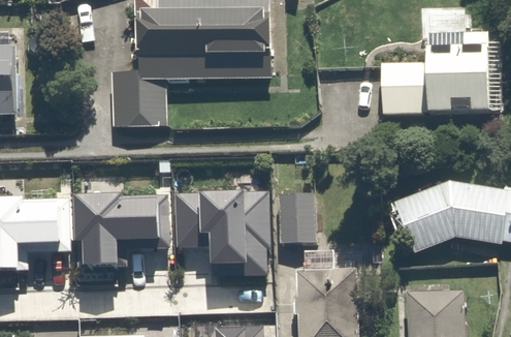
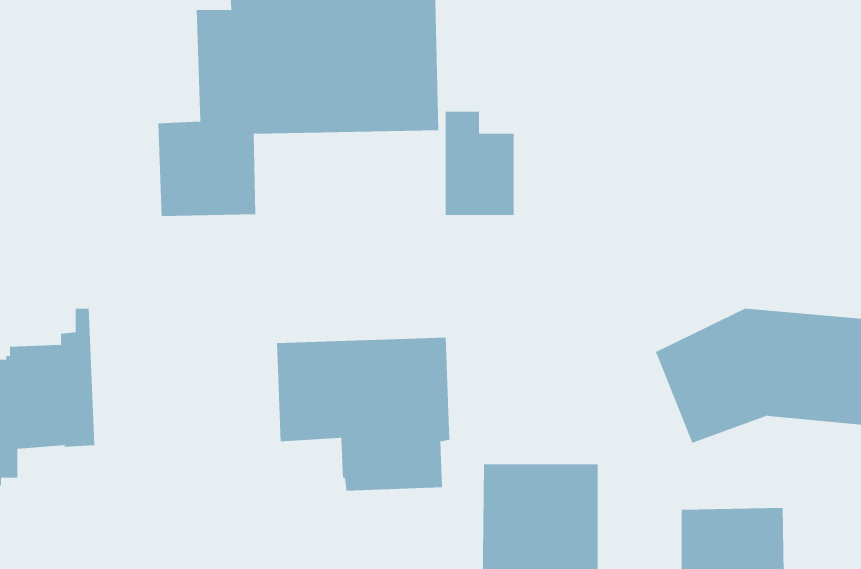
building: [377,29,488,111] -> none
building: [278,183,317,242] -> [445,111,514,215]
building: [77,201,173,275] -> none

